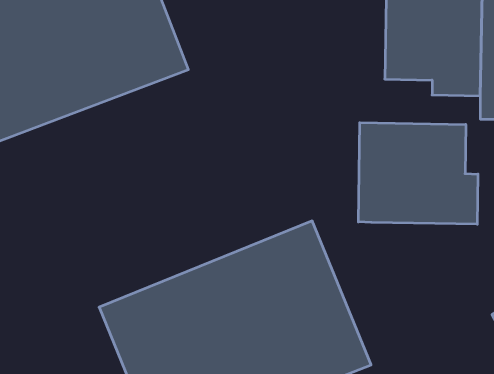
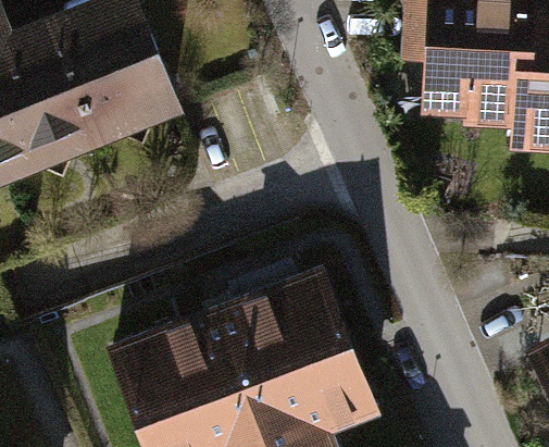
building: [358,123,478,224] -> none

